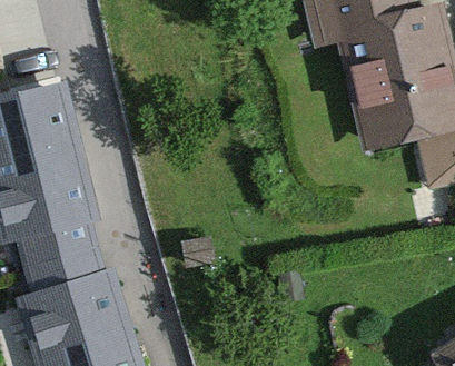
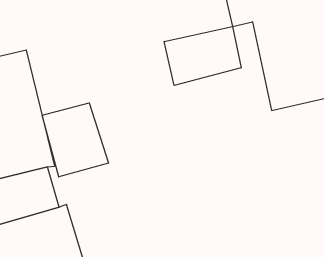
building: none -> [164,26,241,85]
building: none -> [42,103,108,177]

